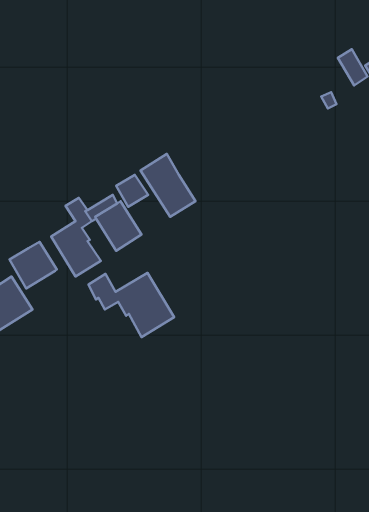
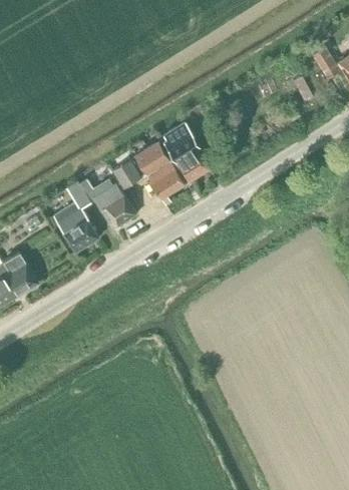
building: none -> [162,120,209,181]
building: [9,242,57,288] -> none
building: [89,273,174,337] -> none

